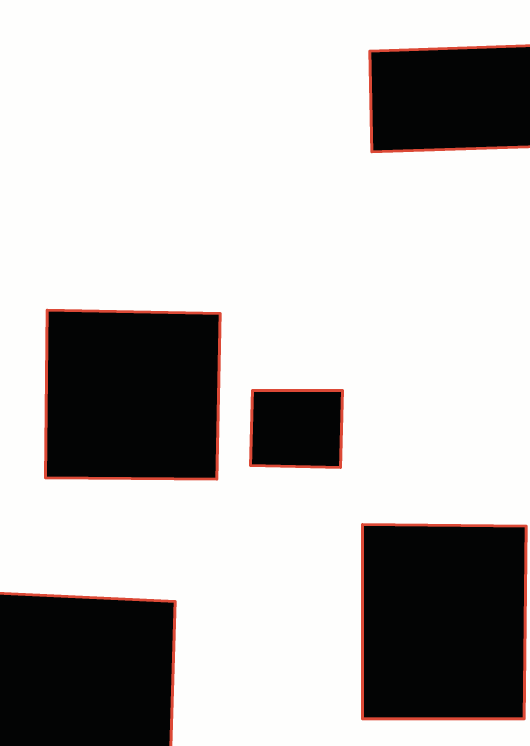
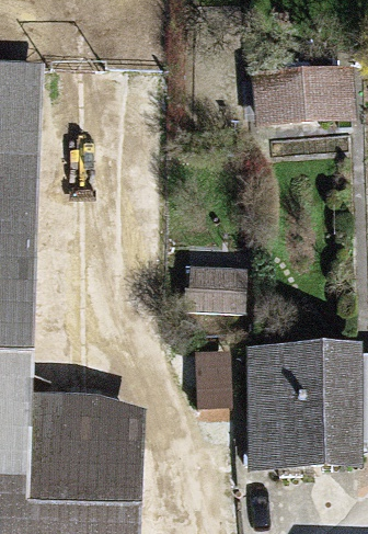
building: [45,310,220,479] -> none

